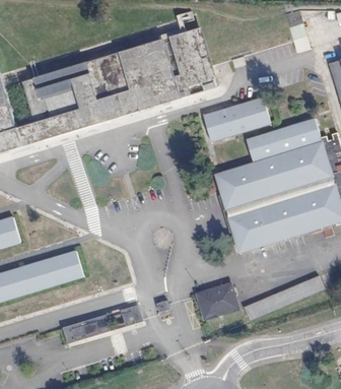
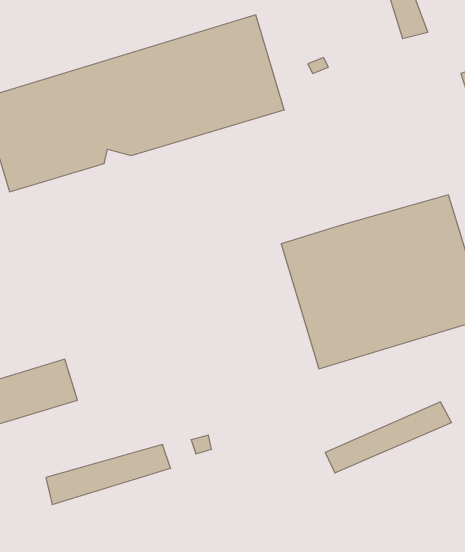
building: [203,98,270,140] -> none
building: [246,118,322,163] -> none
building: [196,282,238,318] -> none

